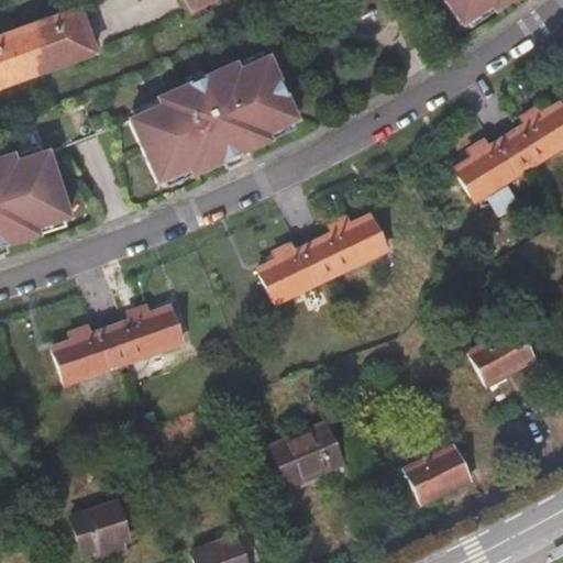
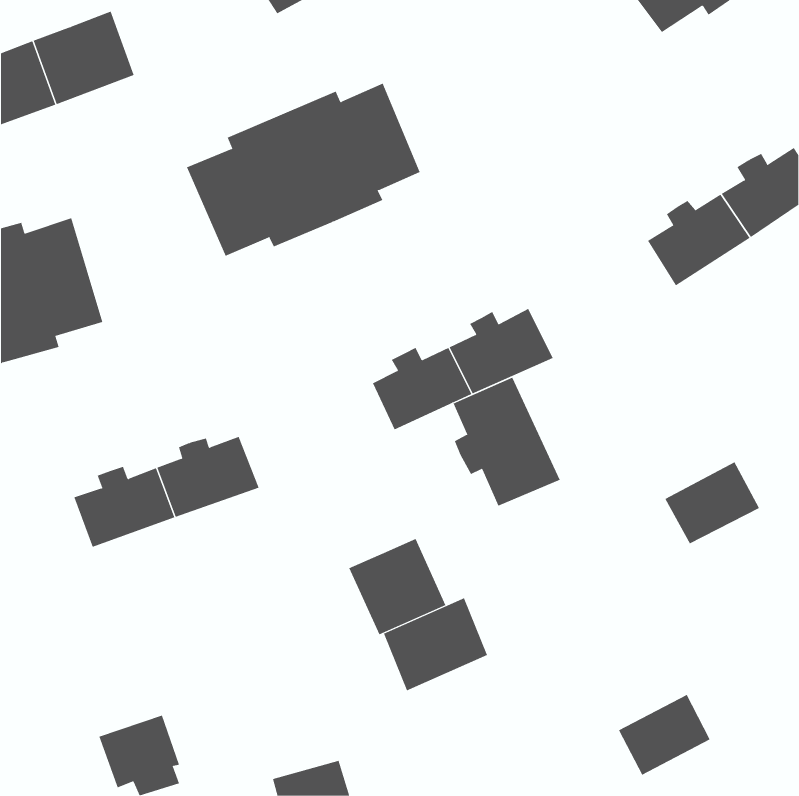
building: none -> [453,377,561,506]
building: none -> [348,538,446,635]
building: [405,444,470,501] -> [618,694,711,775]

